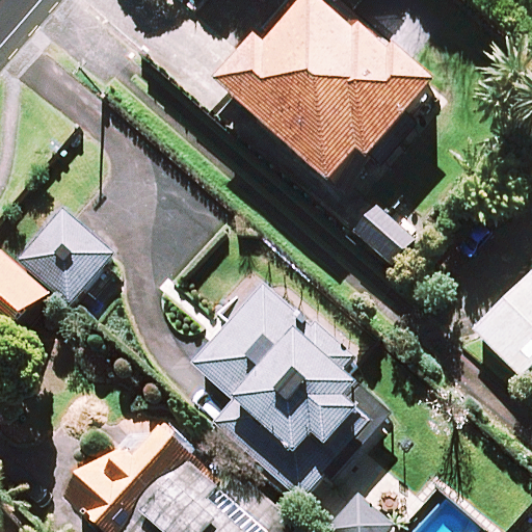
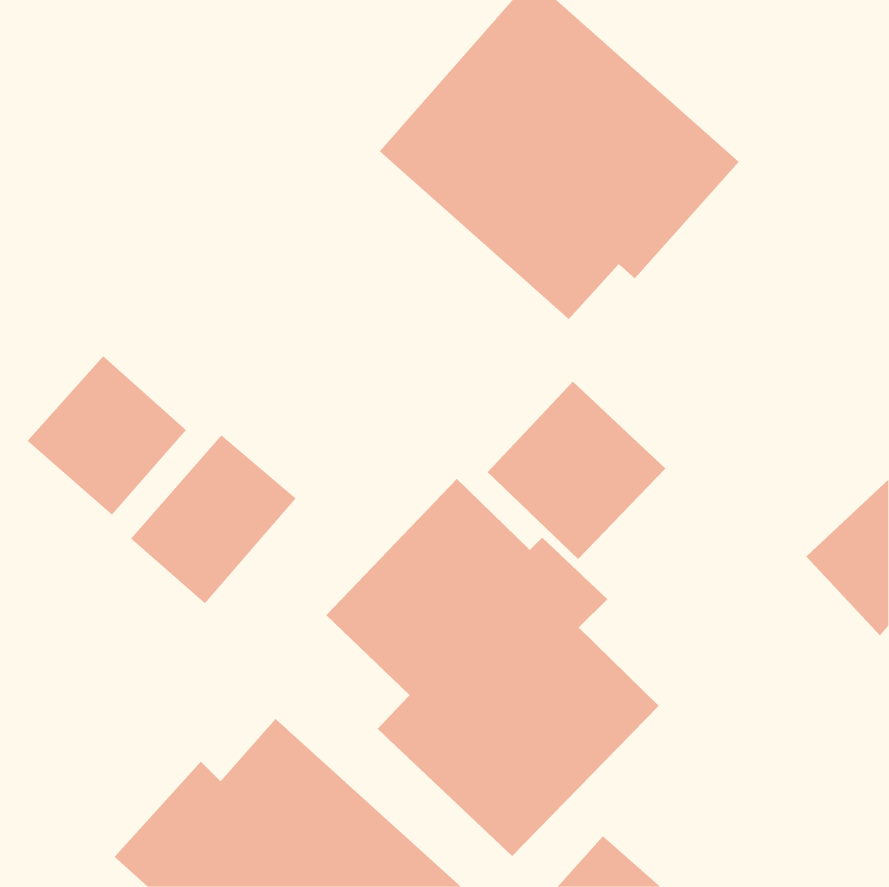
building: none -> [487,381,666,560]
building: none -> [130,434,296,604]

